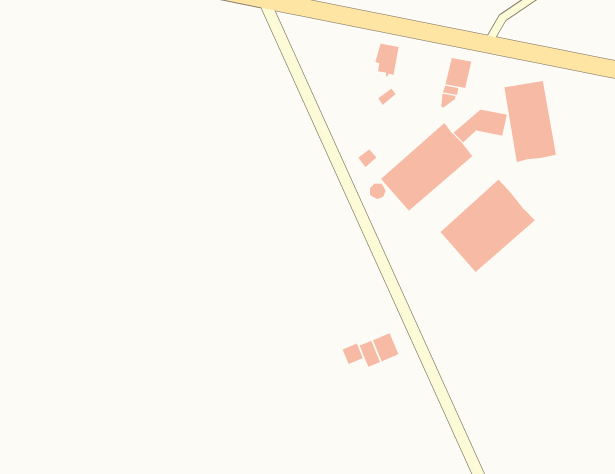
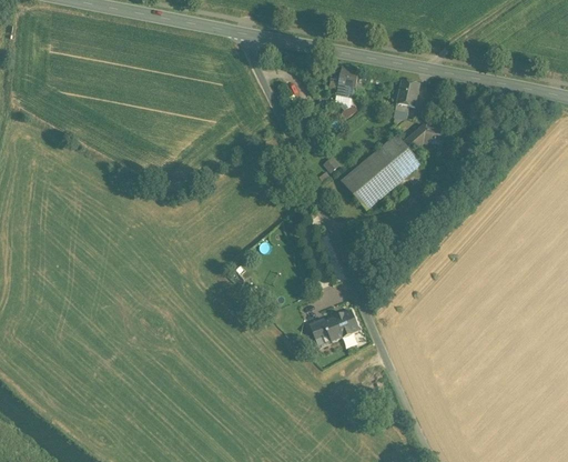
building: [503,80,557,163] -> none
building: [440,179,536,273] -> none

